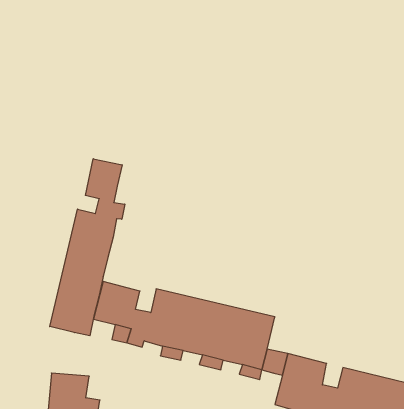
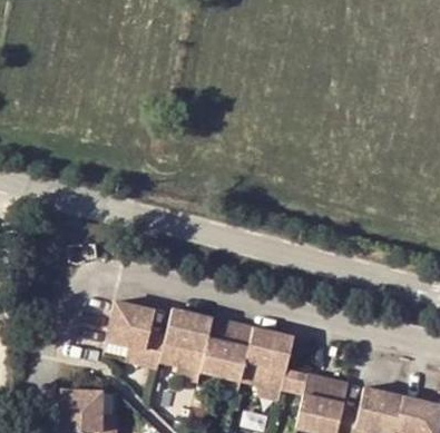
building: [50,159,125,336] -> none

